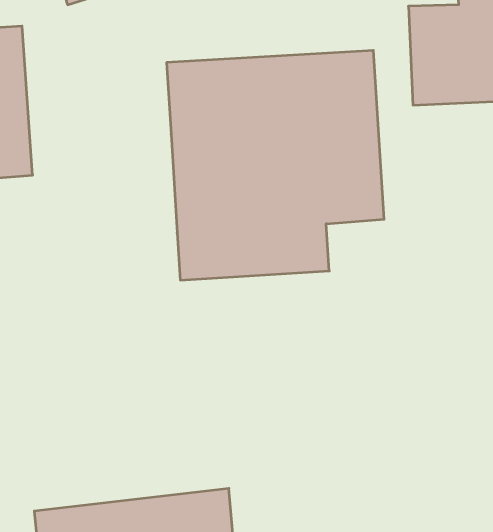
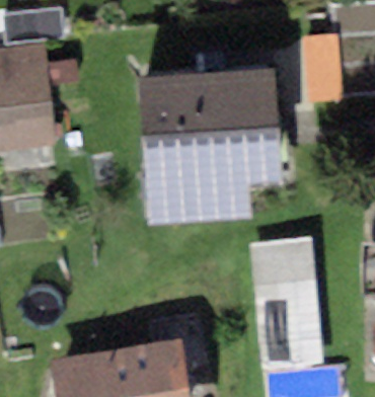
building: none -> [252,243,323,371]

